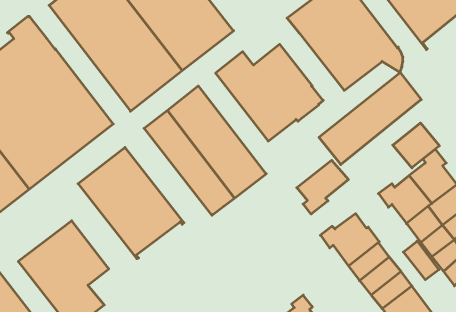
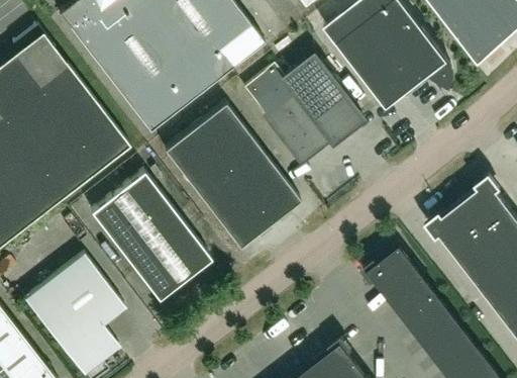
building: [319,72,421,165] -> none
building: [393,123,439,168] -> none
building: [297,160,348,214] -> none
building: [403,241,439,280] -> none

